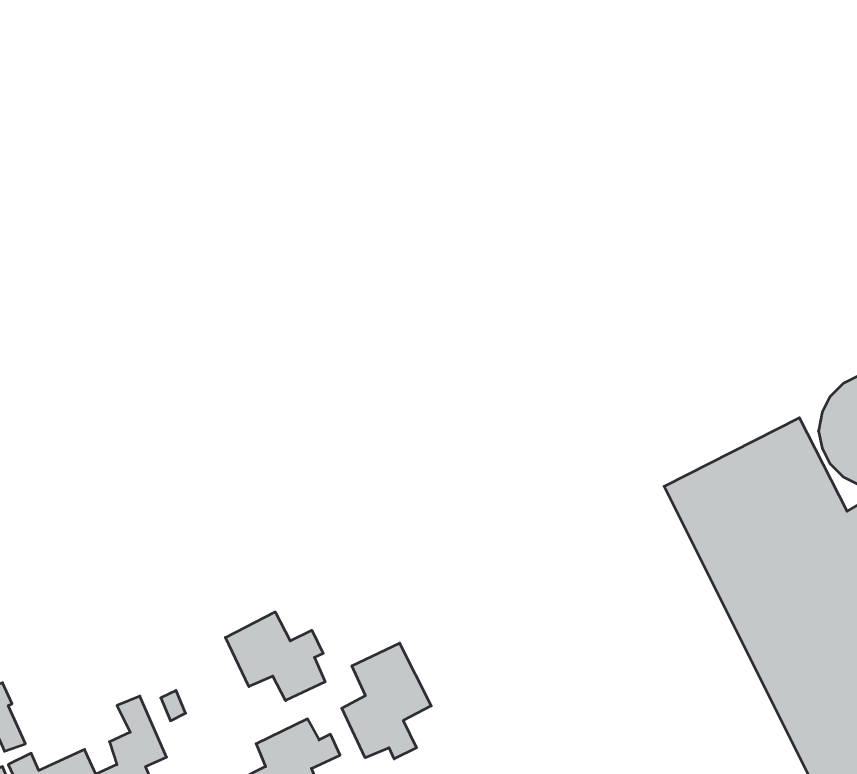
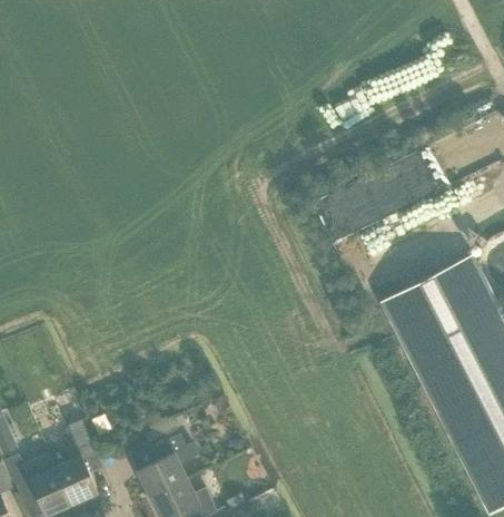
building: [225,612,325,701] -> none
building: [342,643,431,759] -> none

